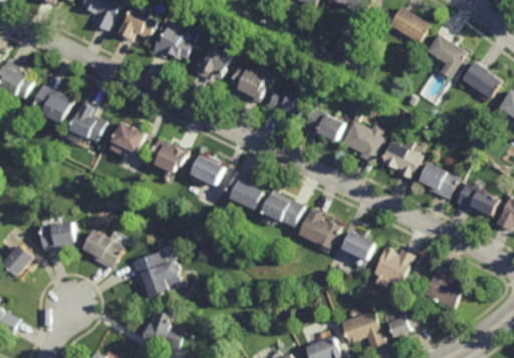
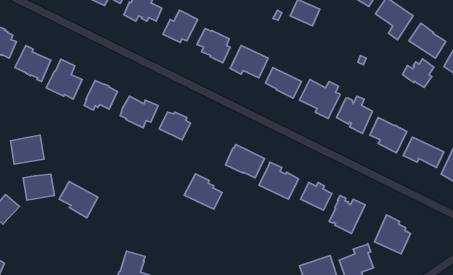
building: none -> [402,59,434,87]
building: [222,171,263,210] -> [184,174,222,209]
building: none -> [10,135,44,164]
building: [132,253,180,299] -> none

